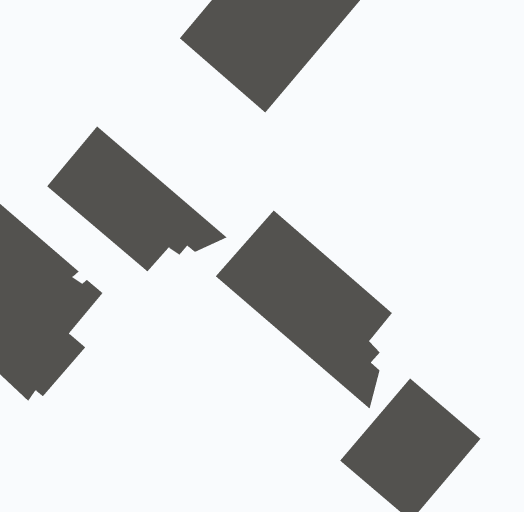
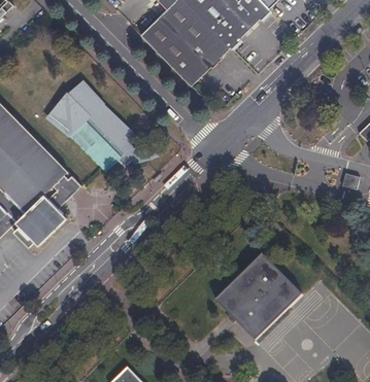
building: [215,210,393,410] -> none

